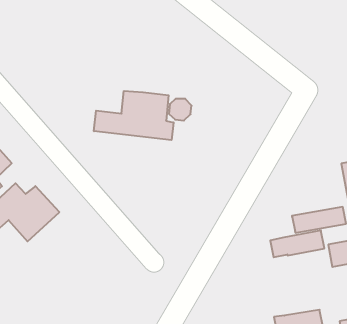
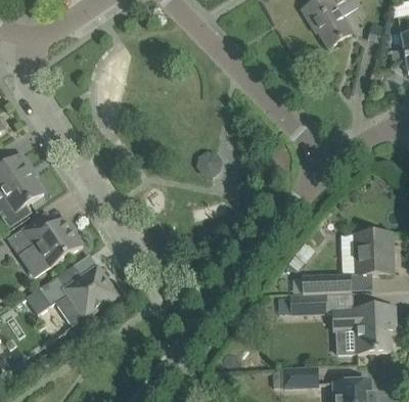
building: [94,91,174,140] -> none
building: none -> [27,266,118,326]

